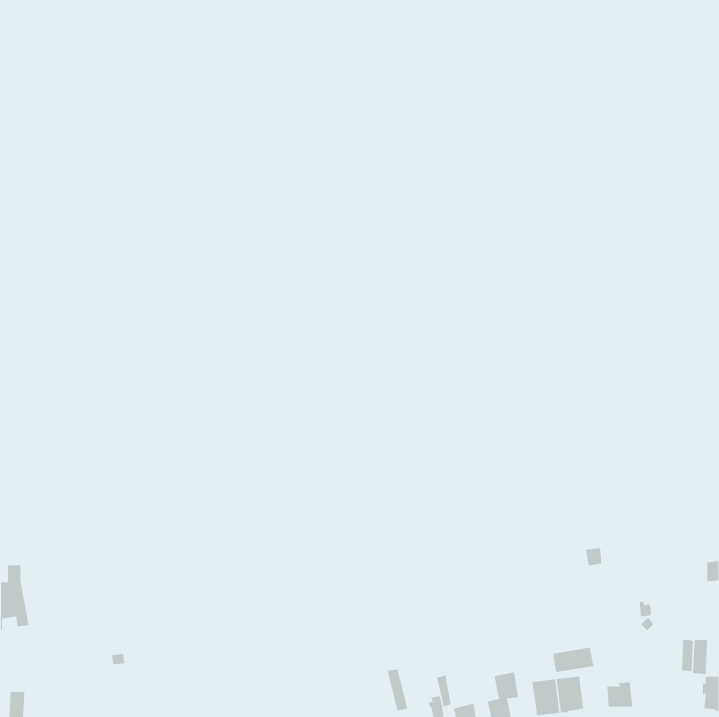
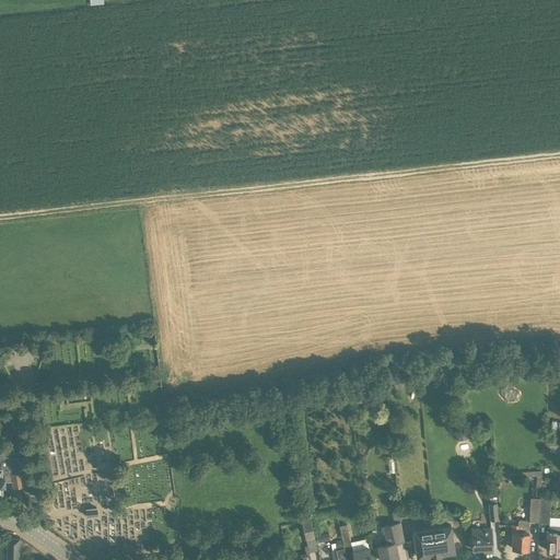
building: [553,647,594,673] -> none
building: none -> [511,522,529,553]

